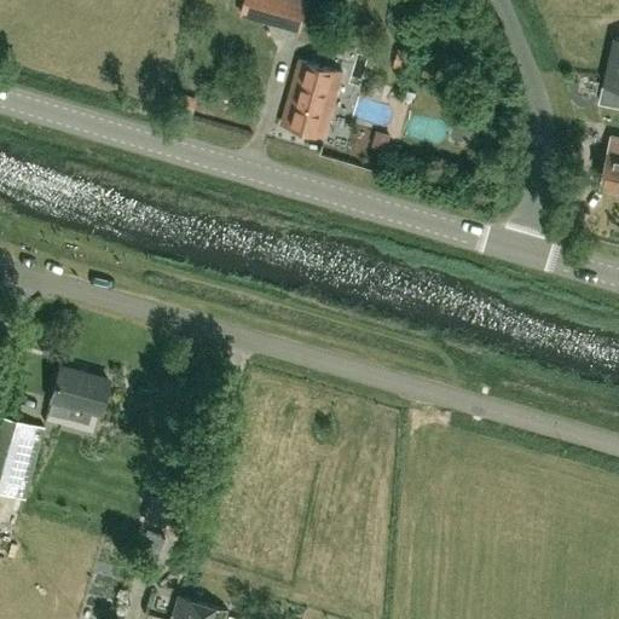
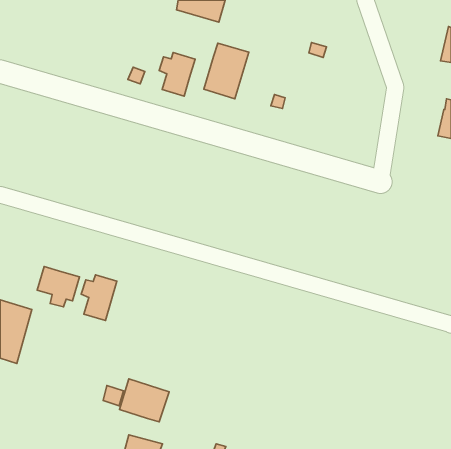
building: none -> [159,52,195,96]
building: none -> [81,275,117,321]
building: none -> [119,379,169,422]

